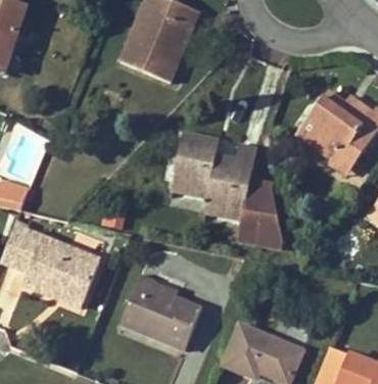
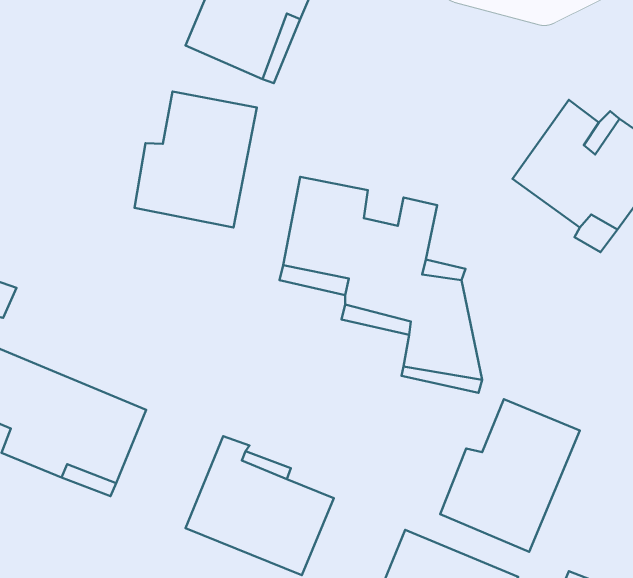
building: none -> [134,92,257,228]
building: none -> [440,399,580,552]

